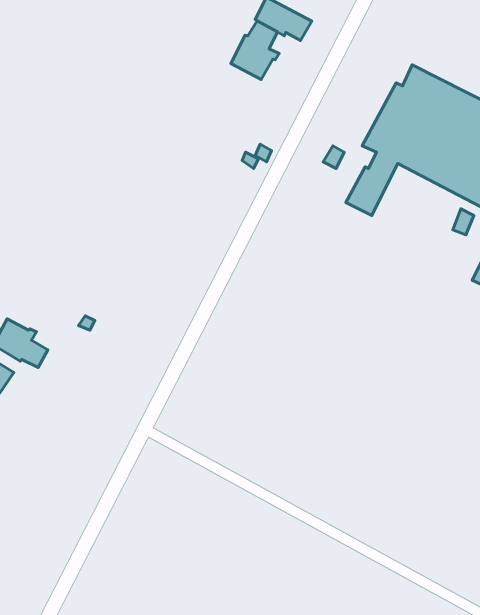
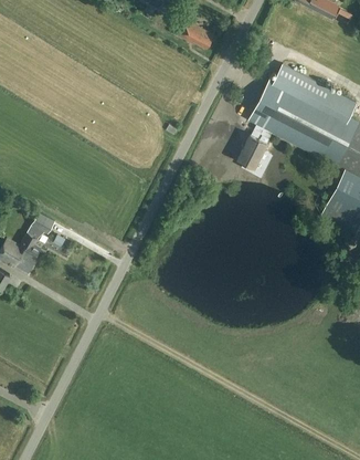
building: [231,21,279,80] -> none
building: none -> [22,212,55,259]

